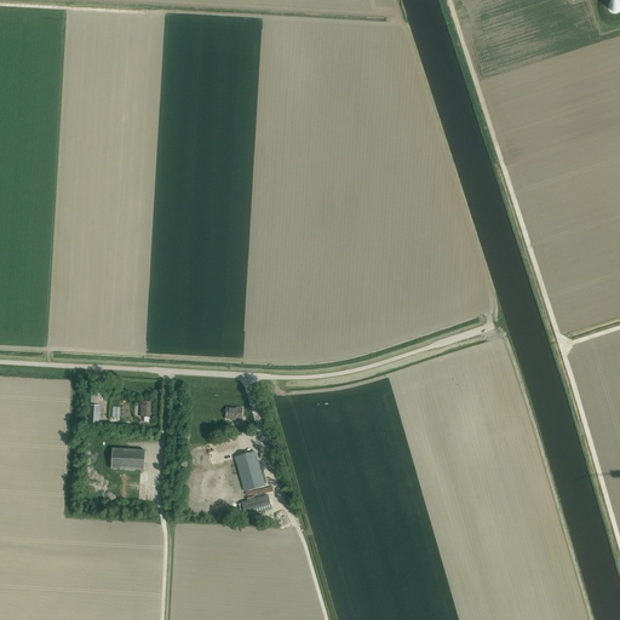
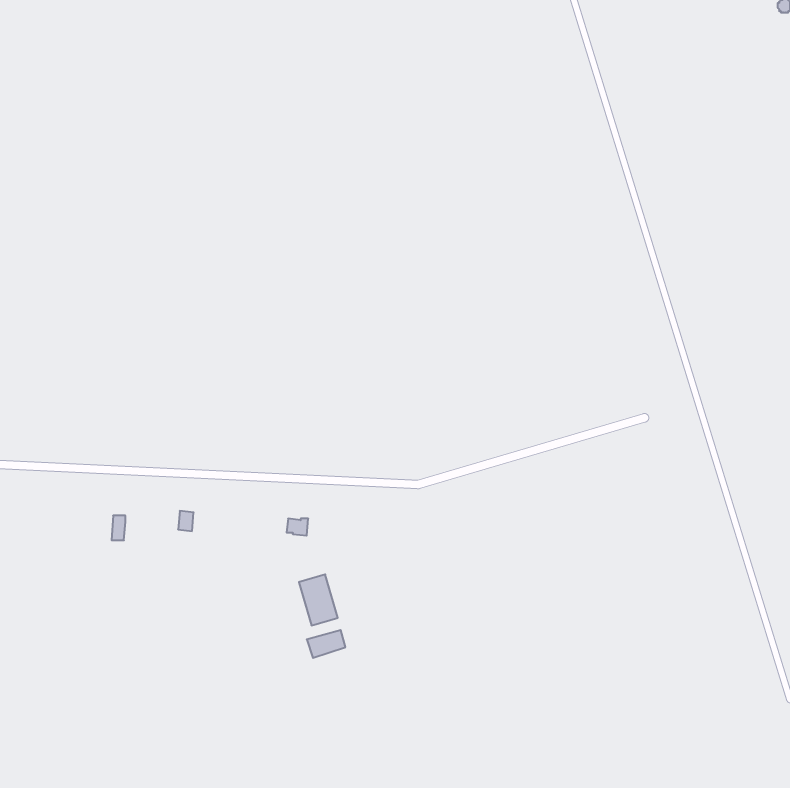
building: [111,447,143,469] -> none

